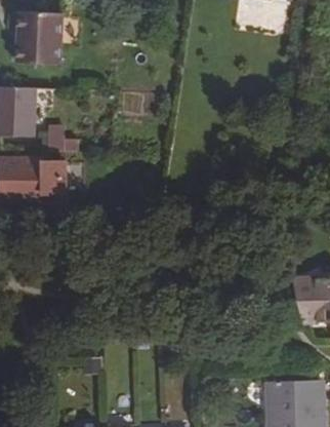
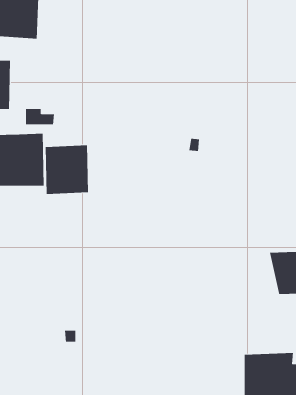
building: none -> [45,144,89,195]

